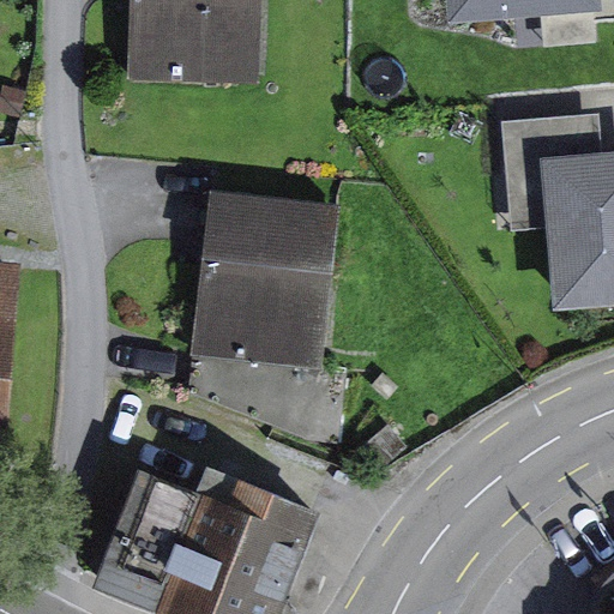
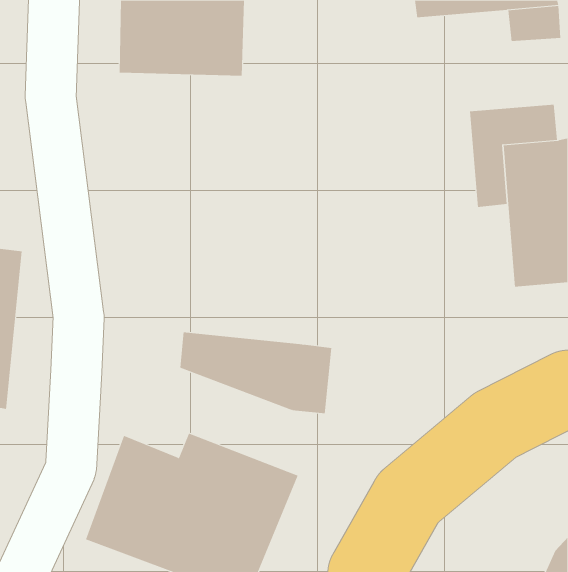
building: [191,191,341,369] -> none

